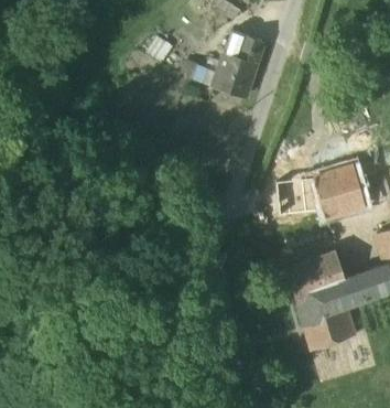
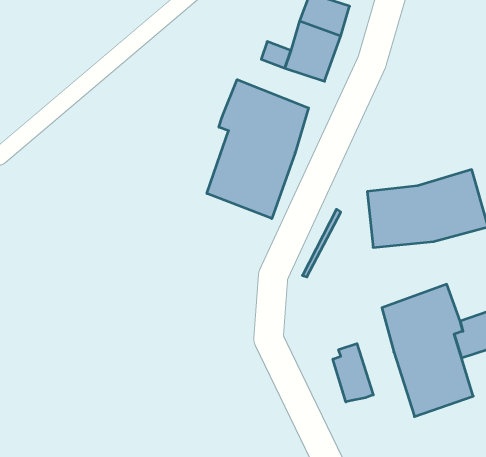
building: none -> [207,80,309,219]
building: none -> [333,344,373,402]

